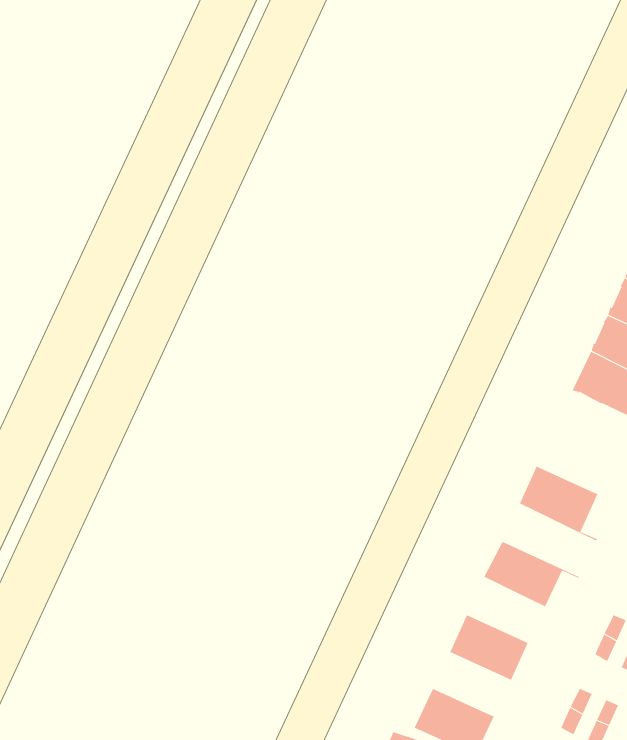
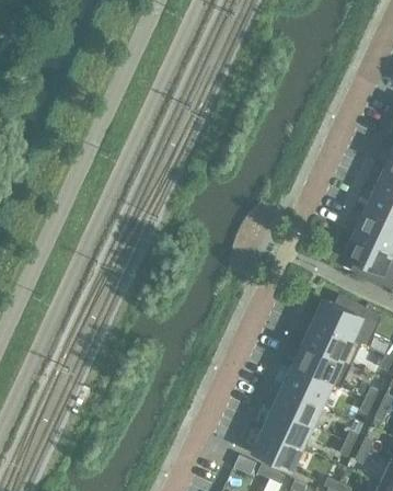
building: none -> [305,322,360,365]
building: none -> [285,365,331,403]
building: none -> [265,409,311,446]

